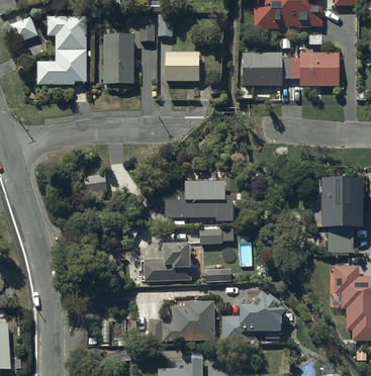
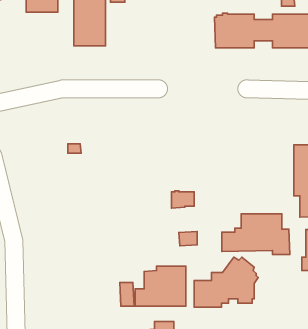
building: [37,50,87,84] -> none
building: [165,50,199,80] -> none
building: [166,181,234,221] -> [222,214,290,255]
building: [145,247,191,281] -> none

